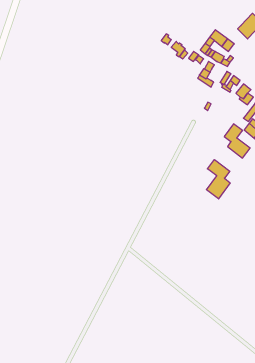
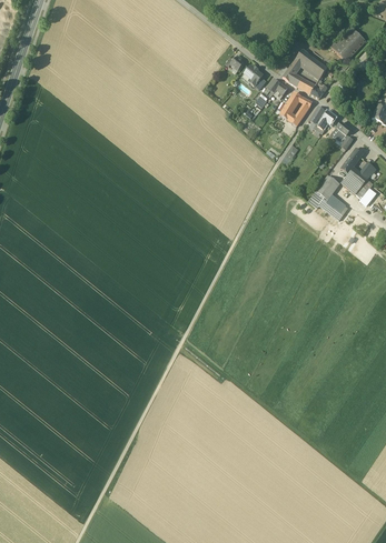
building: [206,160,230,199] -> none

